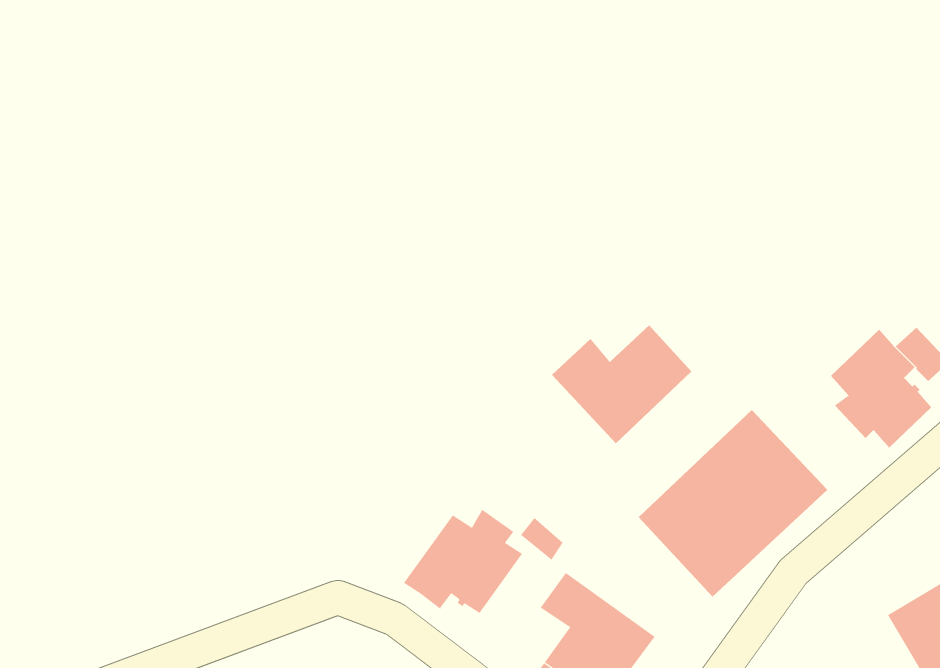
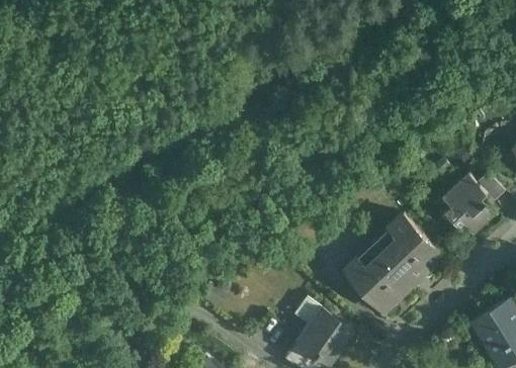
building: [551,325,692,444] -> none
building: [403,509,523,614] -> none

